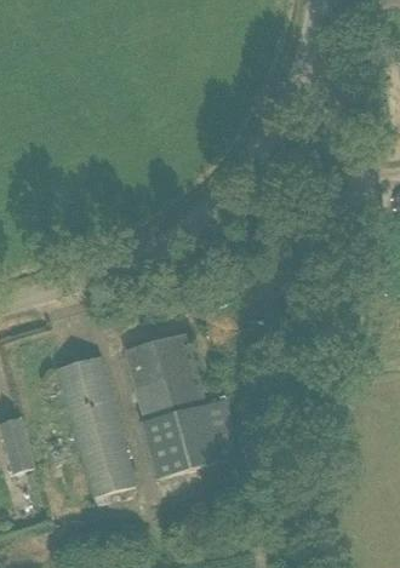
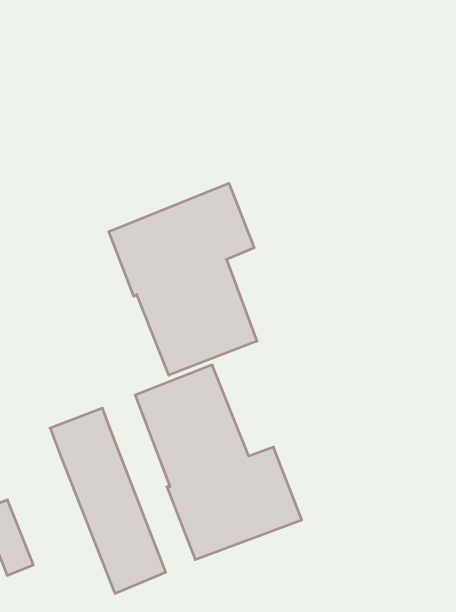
building: none -> [109,183,257,375]

